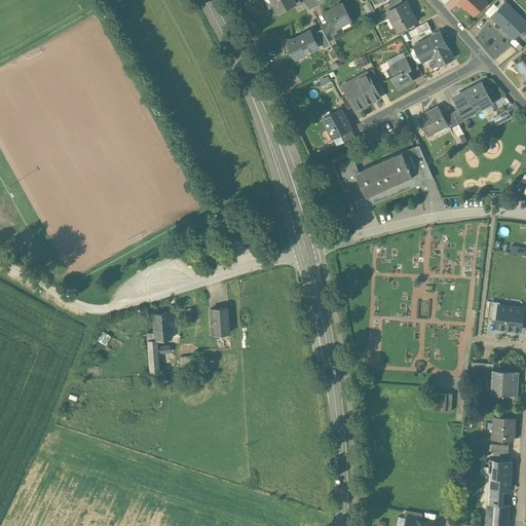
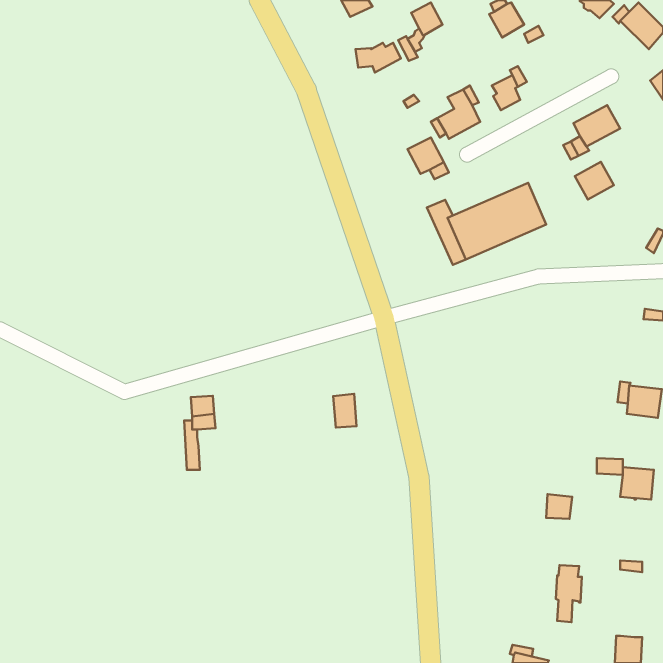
building: [414,32,453,68] -> none
building: [417,106,448,136] -> [575,162,614,200]
building: [210,307,228,334] -> [333,394,357,427]
building: [492,416,514,440] -> none
building: [490,459,511,504] -> [556,565,582,622]

